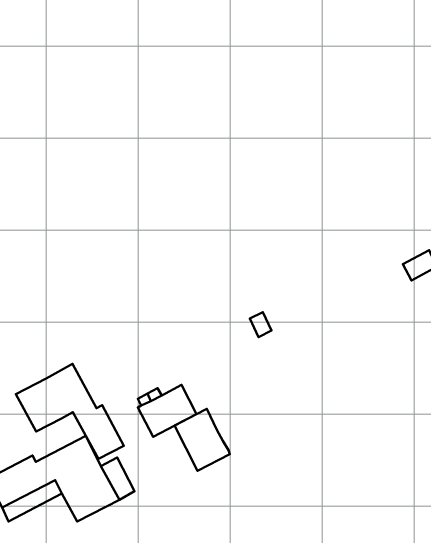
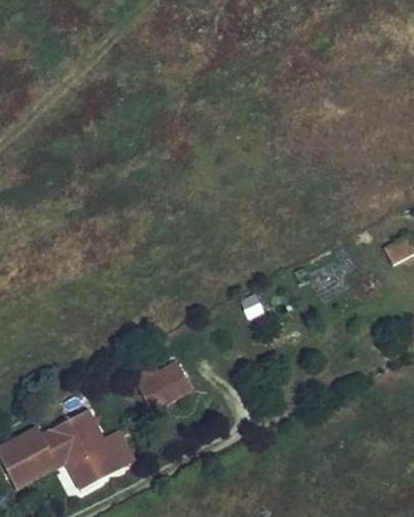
building: [16,364,124,459] -> none
building: [175,409,230,471] -> none

